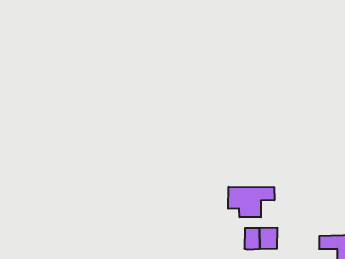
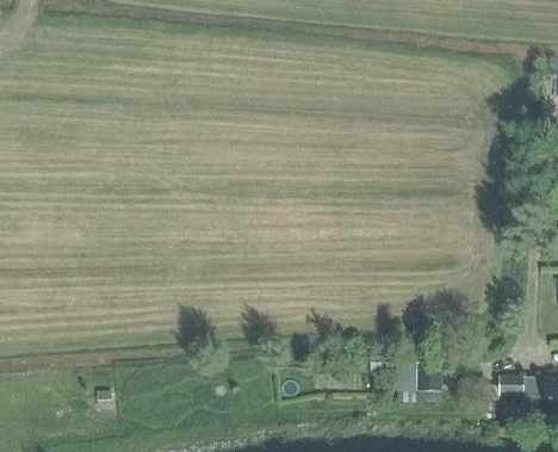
building: [228,187,274,217] -> none

